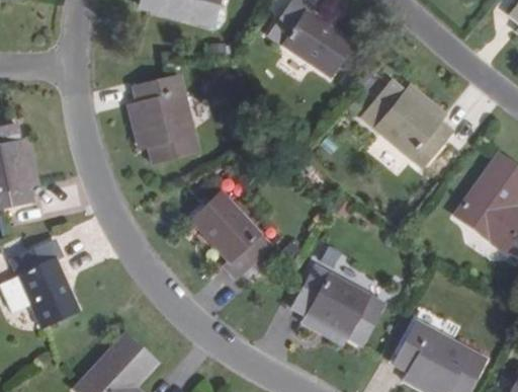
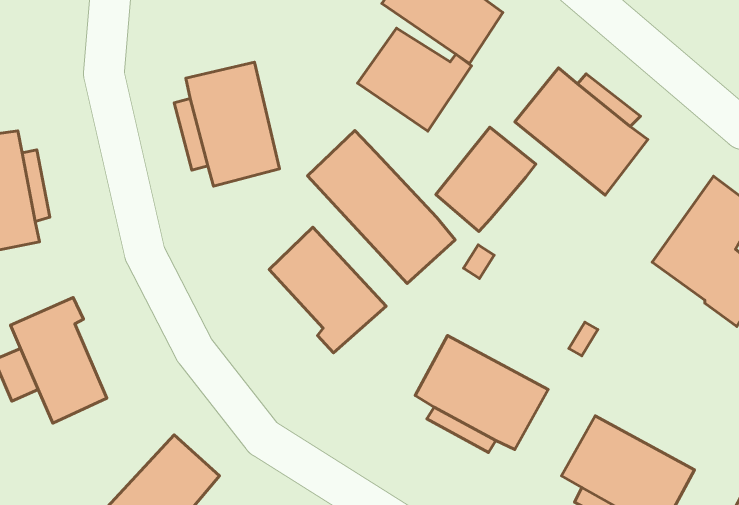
building: none -> [358,28,471,131]
building: none -> [436,127,536,232]
building: none -> [307,130,455,283]

